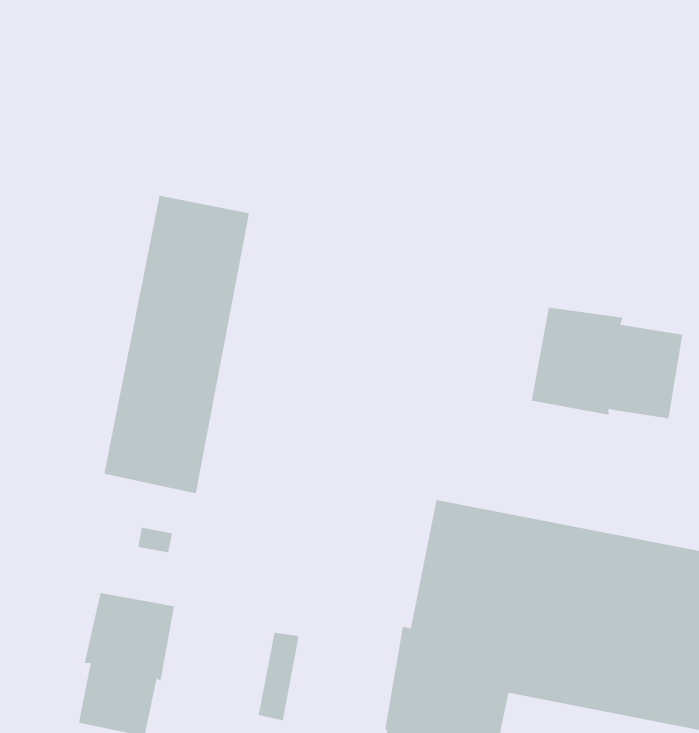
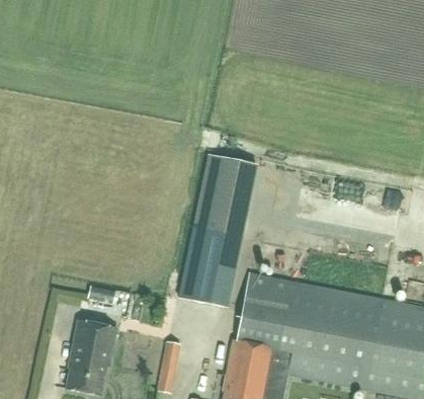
building: [104,195,250,494] -> [179,153,254,306]
building: [531,307,683,419] -> none

